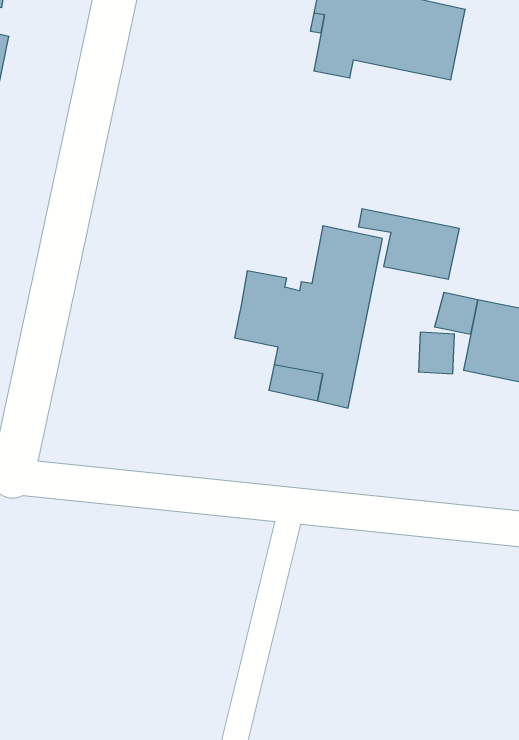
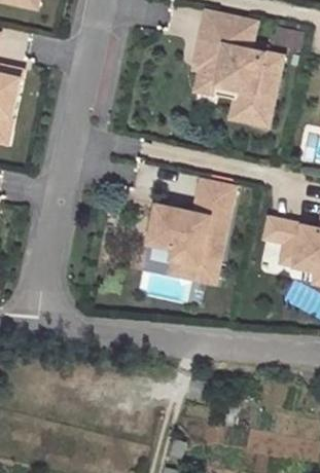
building: [358,209,459,279] -> [216,84,274,124]

